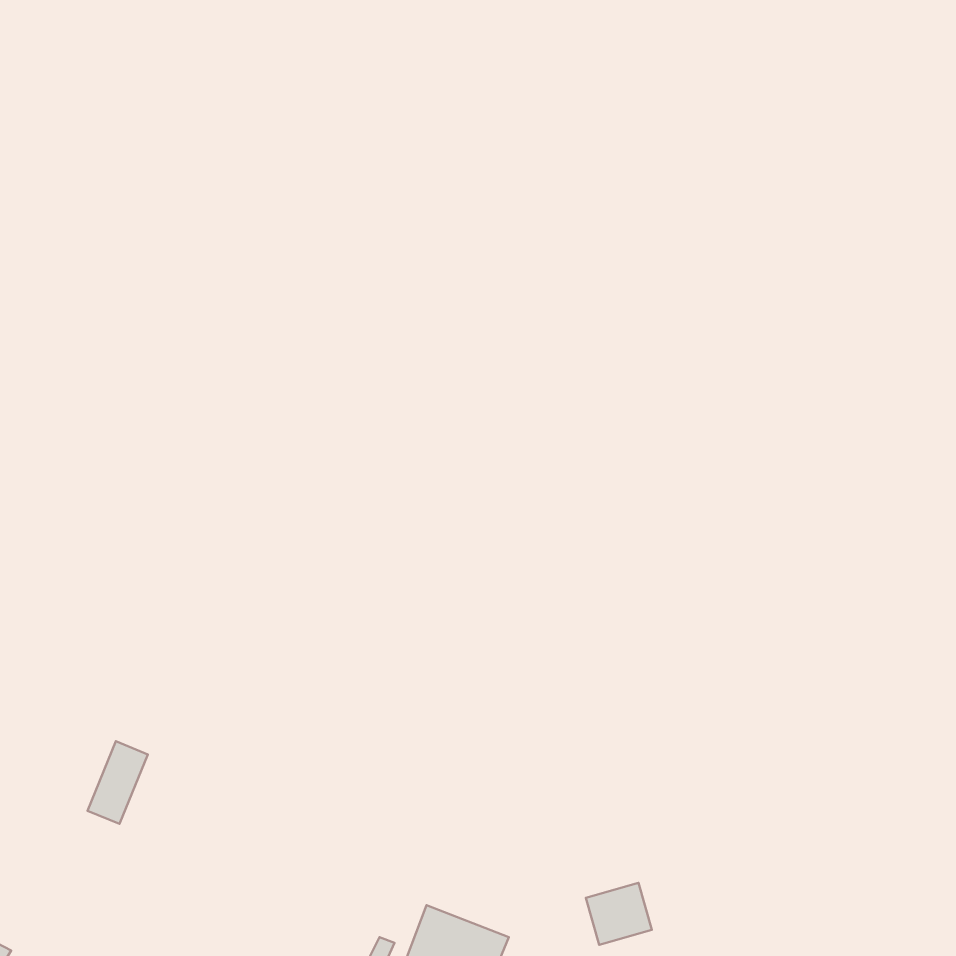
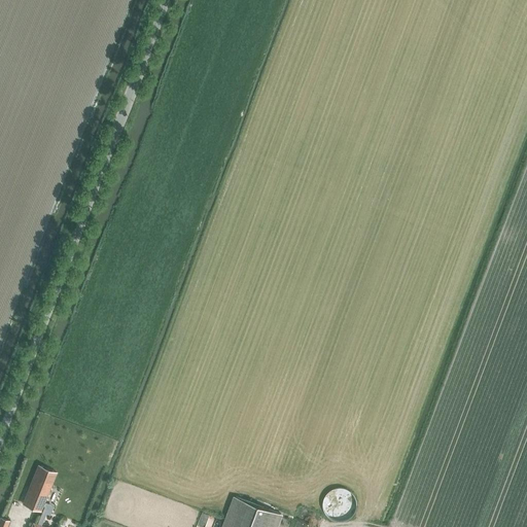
building: [88,741,148,824] -> [22,467,55,513]

